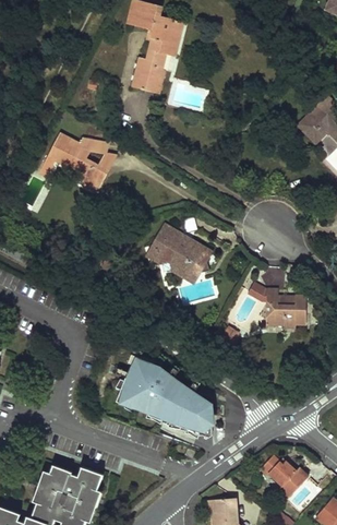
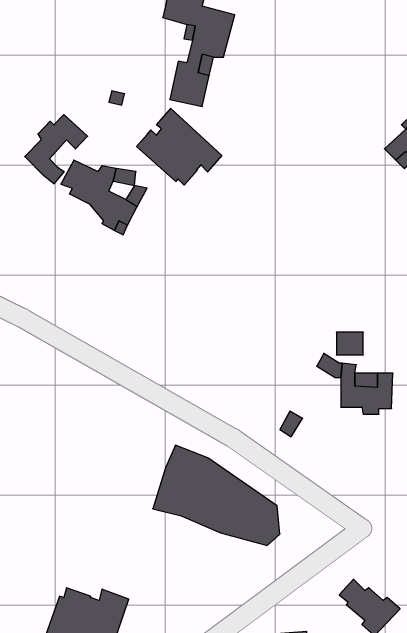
building: none -> [137,108,222,185]
building: none -> [25,115,88,184]
building: [144,222,213,285] -> none

